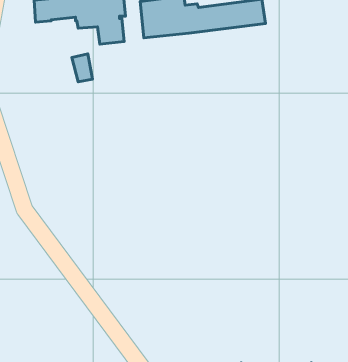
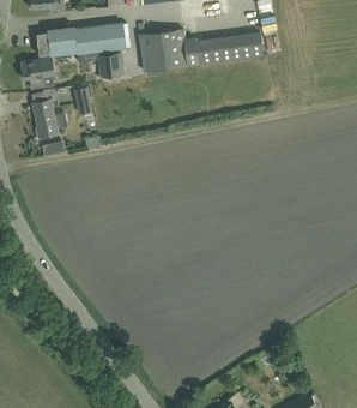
building: none -> [20,56,54,89]
building: none -> [32,100,55,138]

